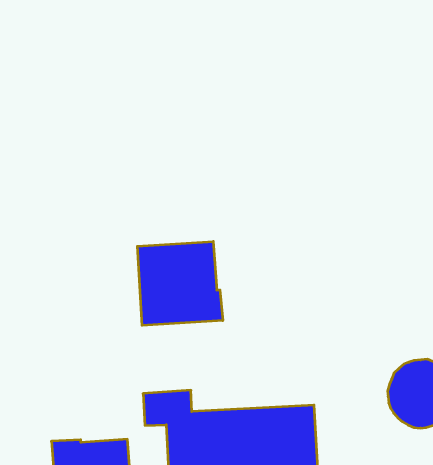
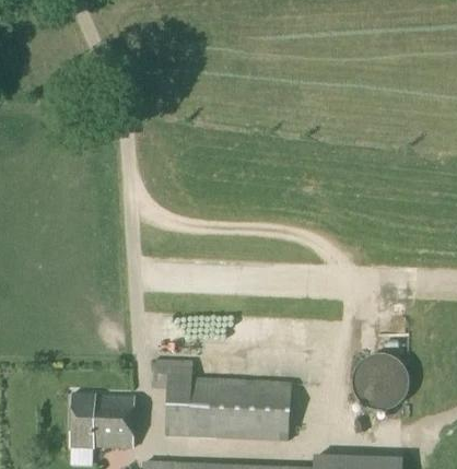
building: [137,241,223,325] -> none

